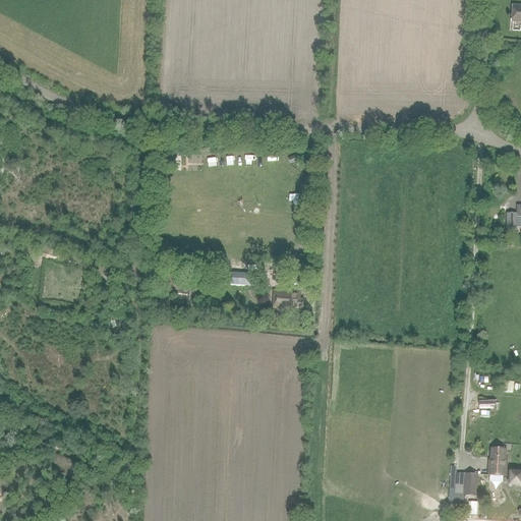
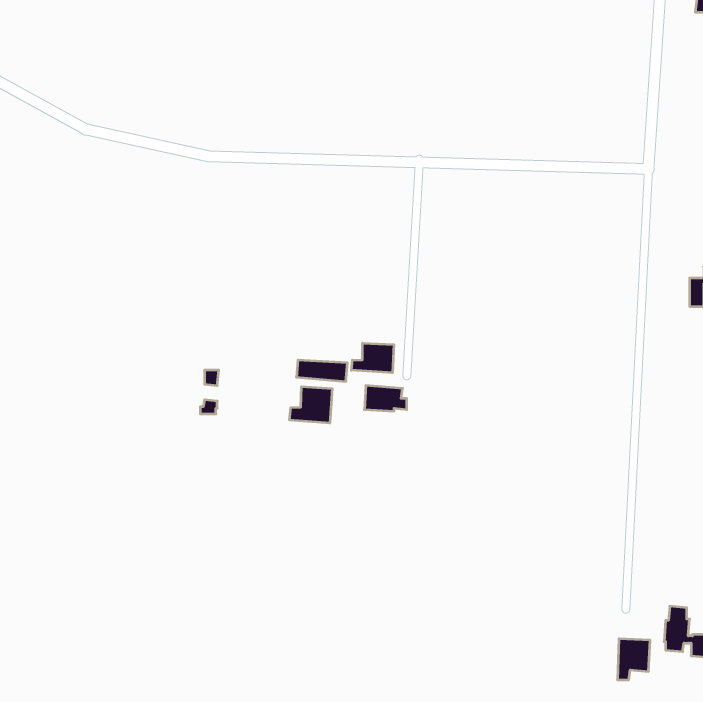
building: none -> [351,343,394,373]
building: none -> [290,387,332,423]

